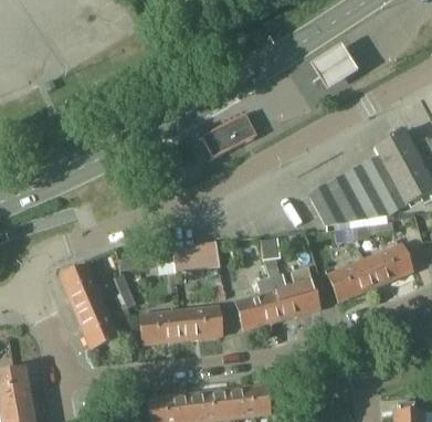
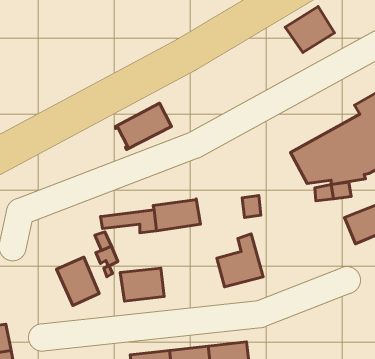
building: [201,113,257,159] -> [116,103,172,149]
building: [328,260,376,302] -> none
building: [60,264,103,312] -> none
building: [271,266,322,319] -> none
building: [180,305,222,339] -> none

